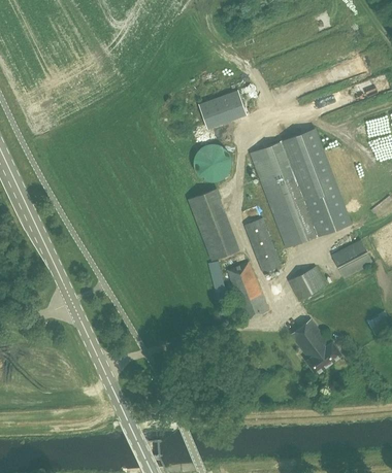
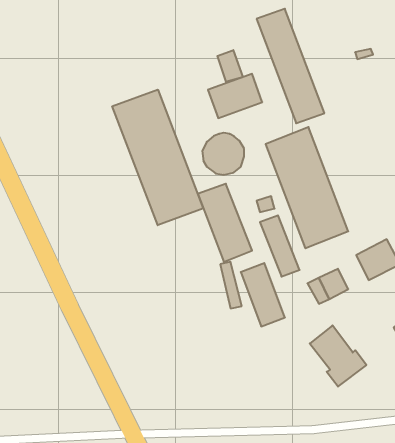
building: none -> [217,50,243,82]
building: none -> [112,90,203,225]
building: [290,129,352,233] -> [257,9,324,123]

